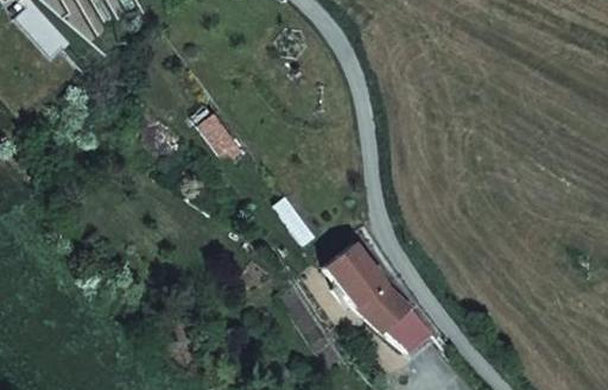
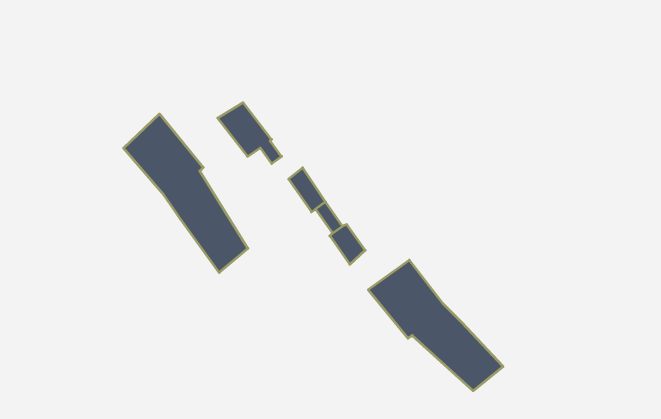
building: none -> [124,114,248,273]

